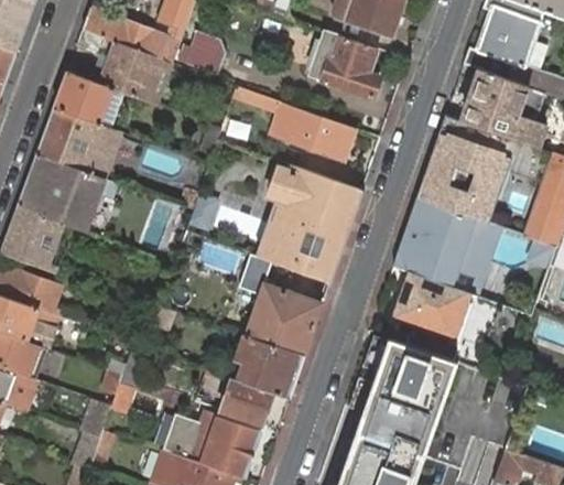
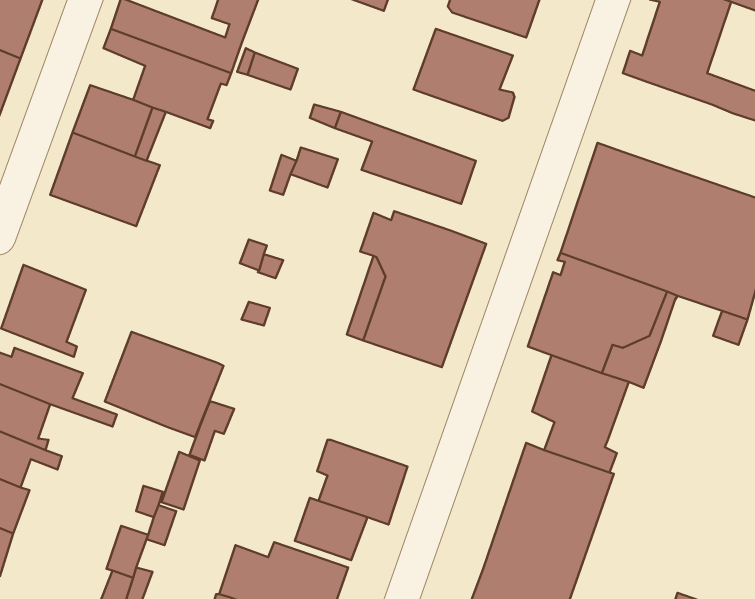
building: [463,69,544,147] -> none
building: [18,153,106,231] -> [105,332,223,437]
building: [246,283,322,355] -> none

